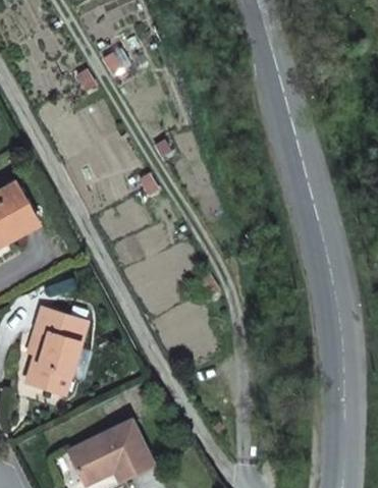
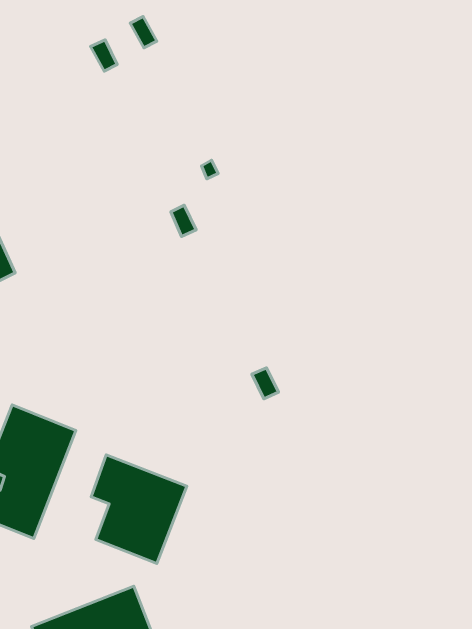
building: none -> [91,455,187,564]

